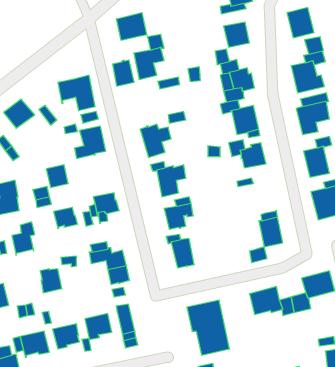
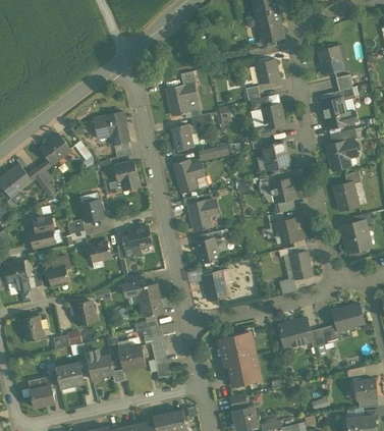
building: [116,13,147,40] -> none
building: [112,60,134,86] -> [171,125,193,151]
building: none -> [272,218,304,246]

